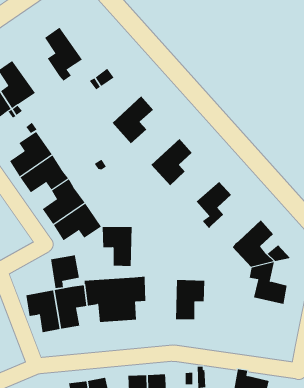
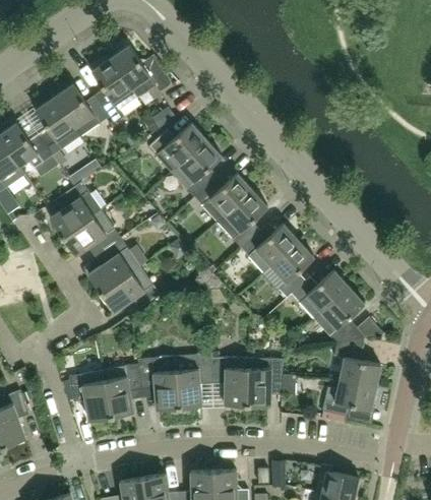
building: none -> [110,46,170,97]
building: none -> [54,84,109,136]
building: none -> [148,123,206,172]
building: none -> [194,174,252,222]
building: none -> [241,224,299,272]
building: none -> [291,270,349,319]
building: [102,226,133,267] -> [211,358,248,405]
building: [50,255,80,289] -> none
building: none -> [322,379,376,416]

